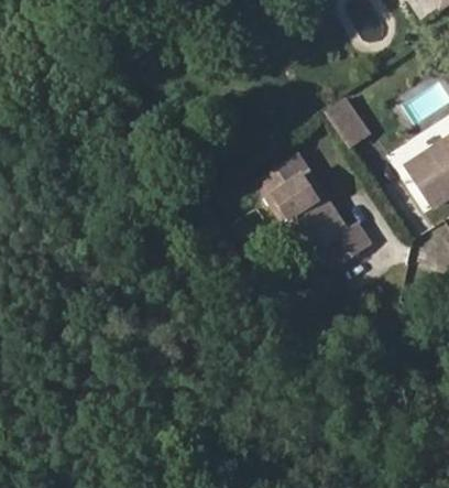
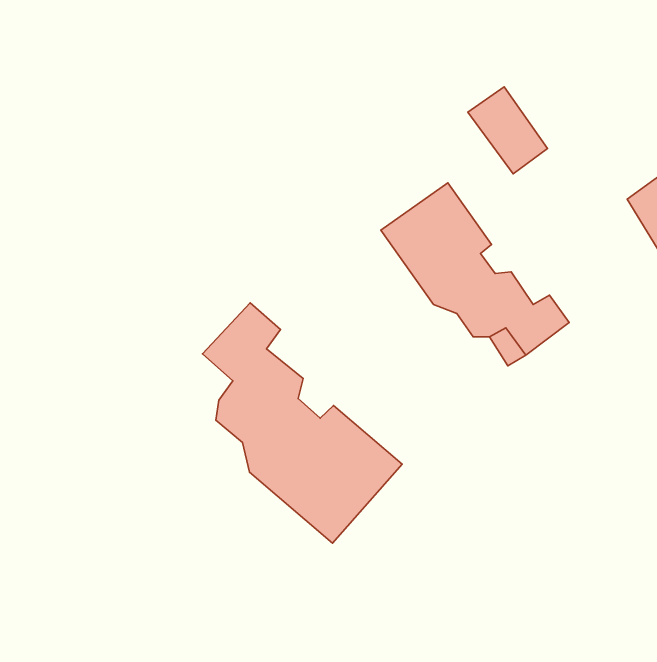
building: none -> [203,303,402,543]

